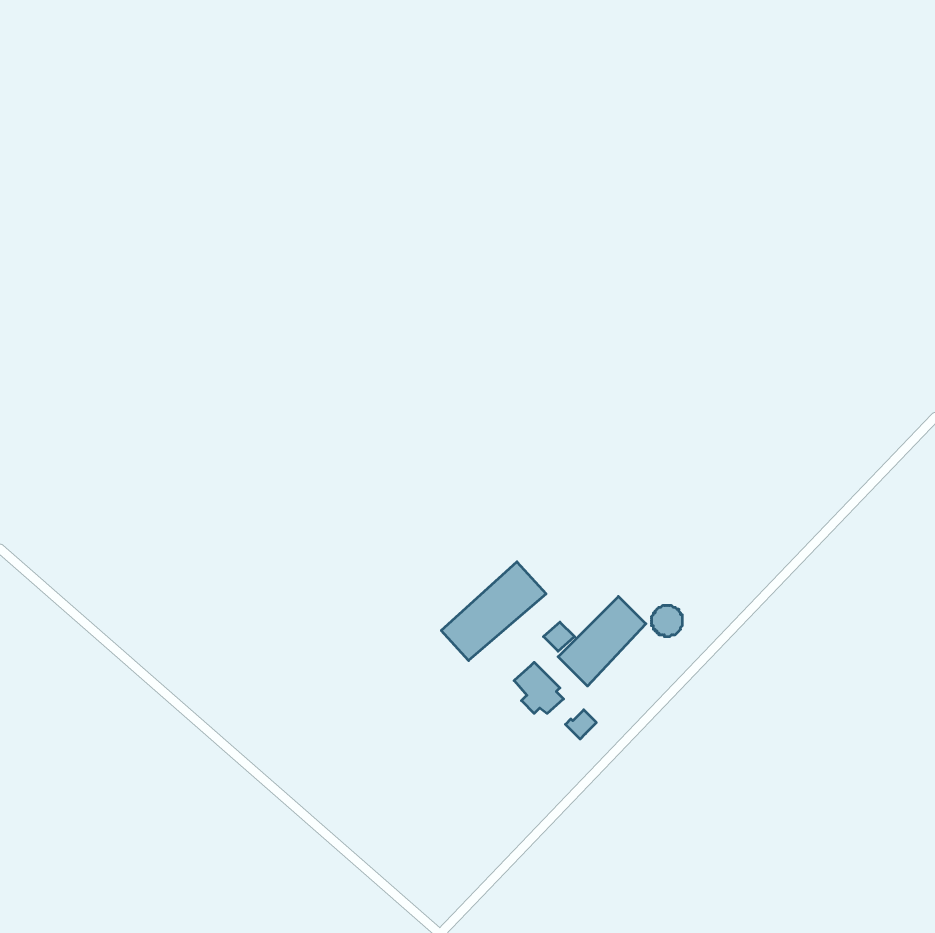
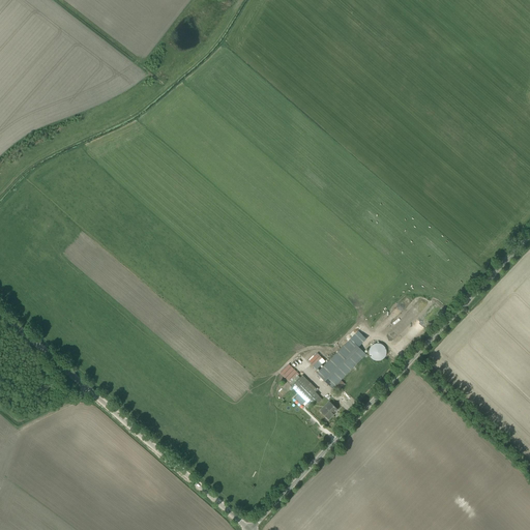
building: [441,562,546,661] -> none

